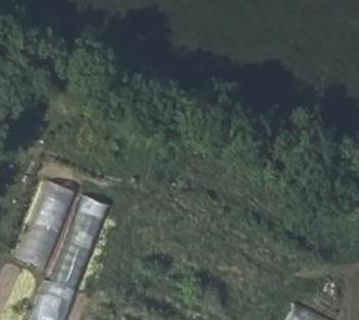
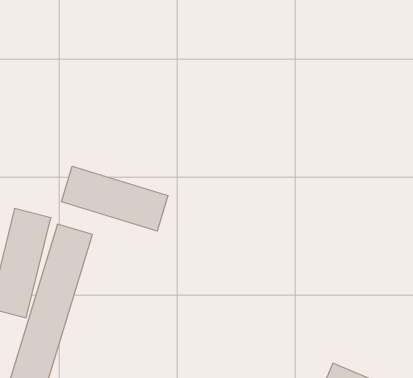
building: none -> [61,166,168,231]

